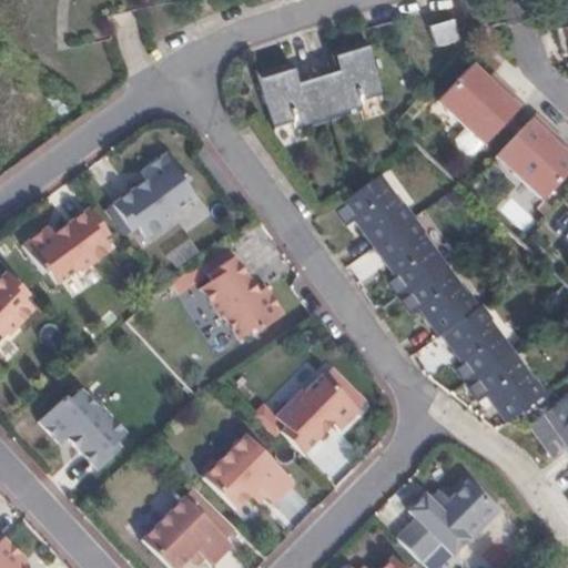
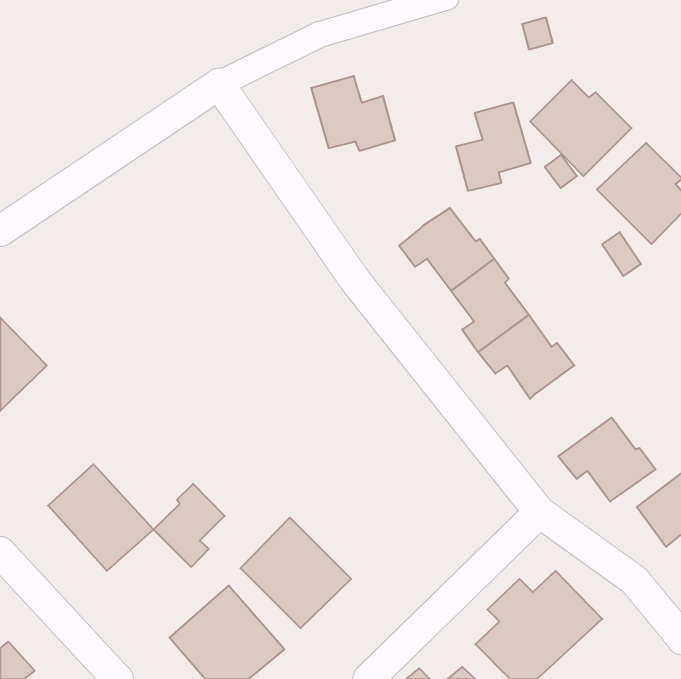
building: [320,43,382,116] -> [456,103,531,191]
building: [112,154,195,240] -> none
building: [29,201,116,285] -> none
building: [192,255,276,343] -> none
building: [445,302,509,379] -> none
building: [266,367,355,456] -> none
building: none -> [154,484,225,567]

